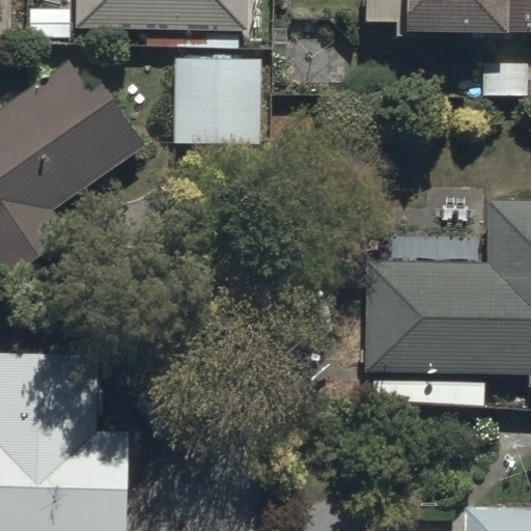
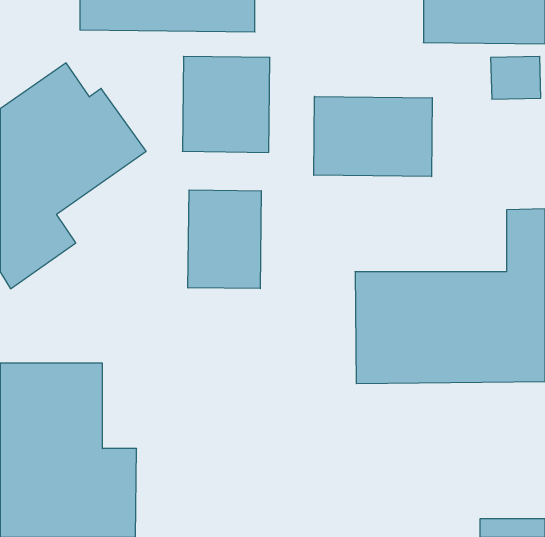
building: none -> [314,96,432,177]
building: none -> [188,190,261,289]

